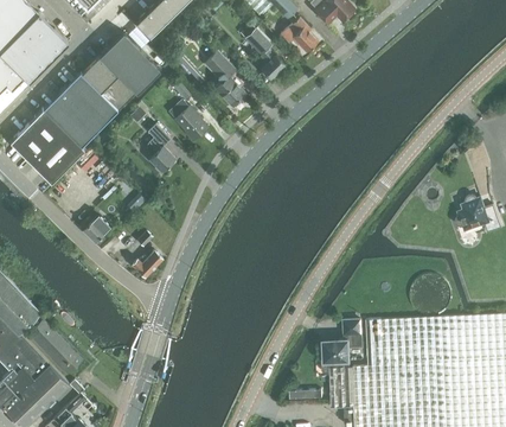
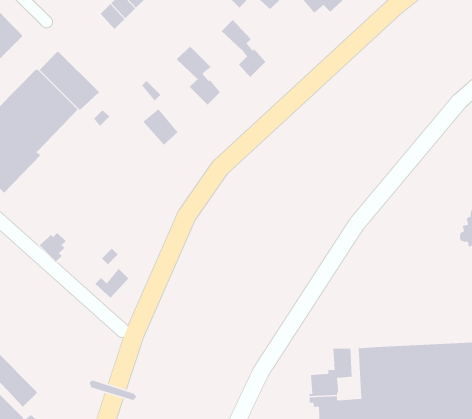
building: [281,18,319,51] -> none
building: [101,32,160,93] -> none
building: [148,123,177,172] -> none

